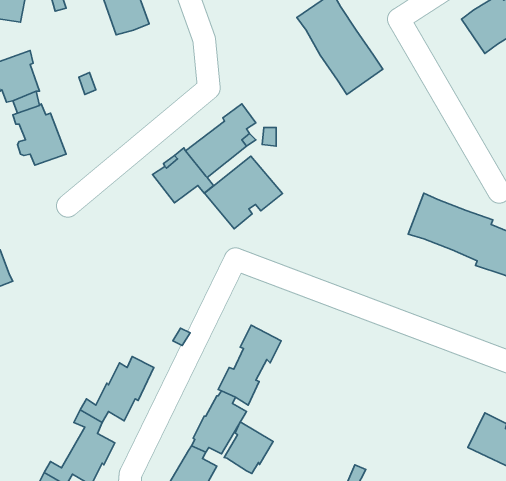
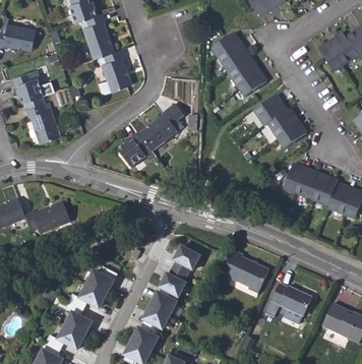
building: none -> [100,50,132,95]
building: none -> [252,95,306,148]
building: [204,156,283,229] -> none
building: none -> [24,202,70,234]
building: none -> [220,250,268,291]
building: none -> [265,284,312,317]
building: [224,422,273,473] -> none

